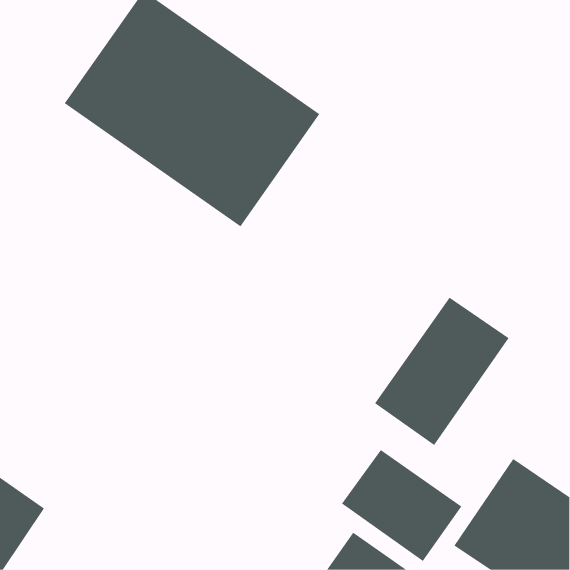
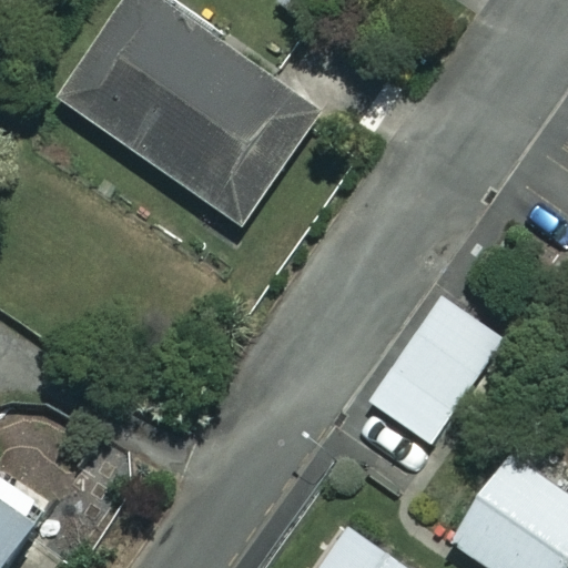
building: [341,449,462,562] -> none

